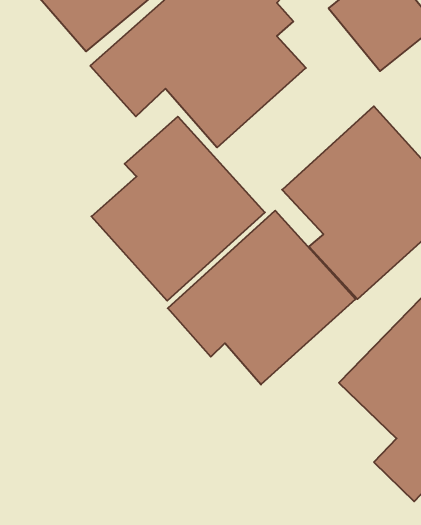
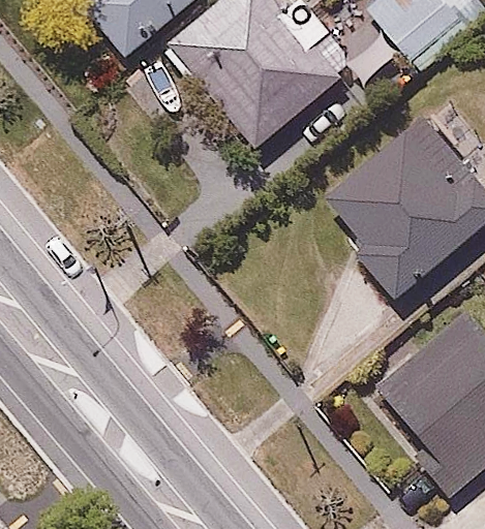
building: [91,117,265,301] -> none
building: [168,211,356,385] -> none

